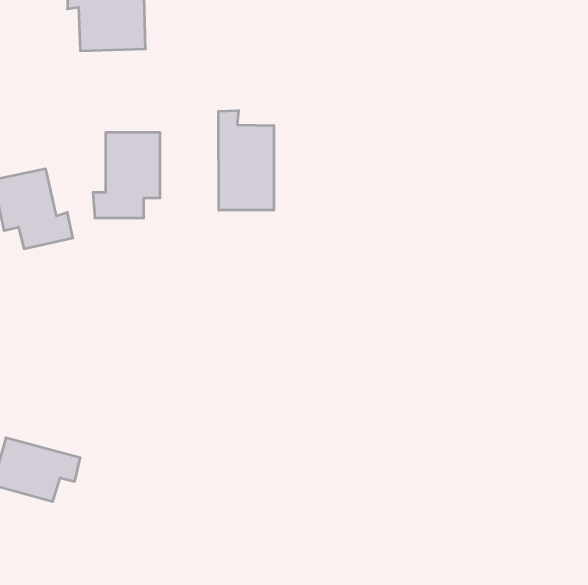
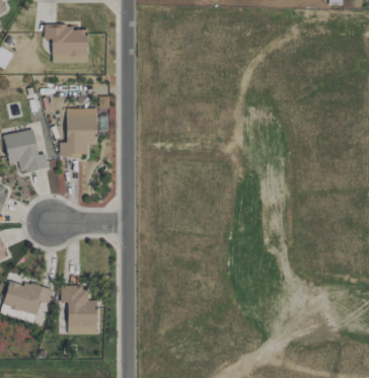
building: [219,110,274,210] -> none
building: none -> [62,286,98,334]

